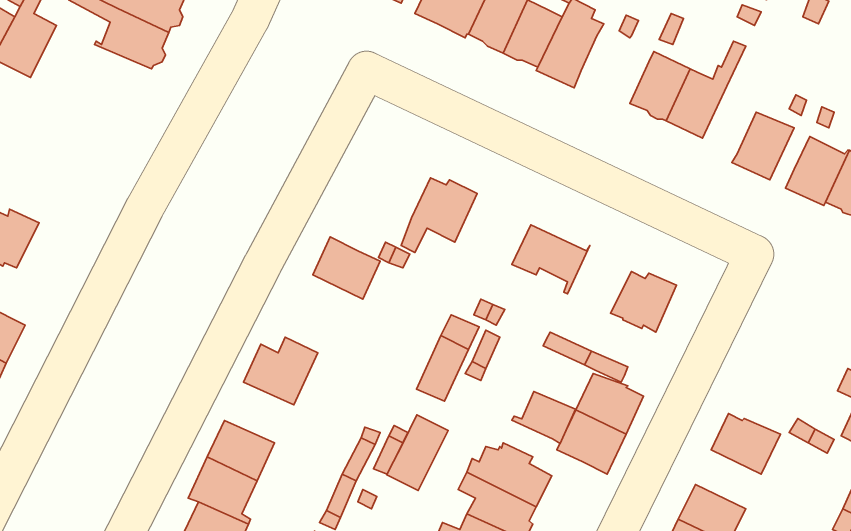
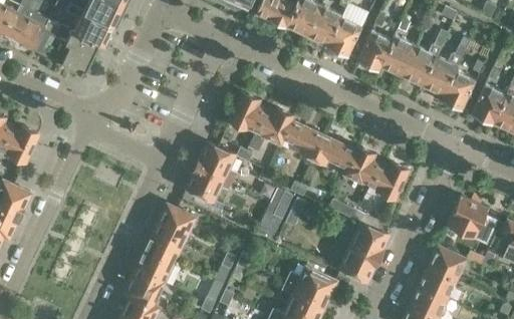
building: none -> [33,20,103,72]
building: none -> [357,31,392,71]
building: none -> [423,36,470,94]
building: none -> [229,93,265,131]
building: none -> [279,117,323,158]
building: none -> [344,147,381,187]
building: none -> [186,165,232,213]
building: none -> [447,196,498,243]
building: none -> [146,227,186,262]
building: [512,392,575,443] -> none
building: [387,415,448,491] -> none
building: none -> [419,266,457,300]

